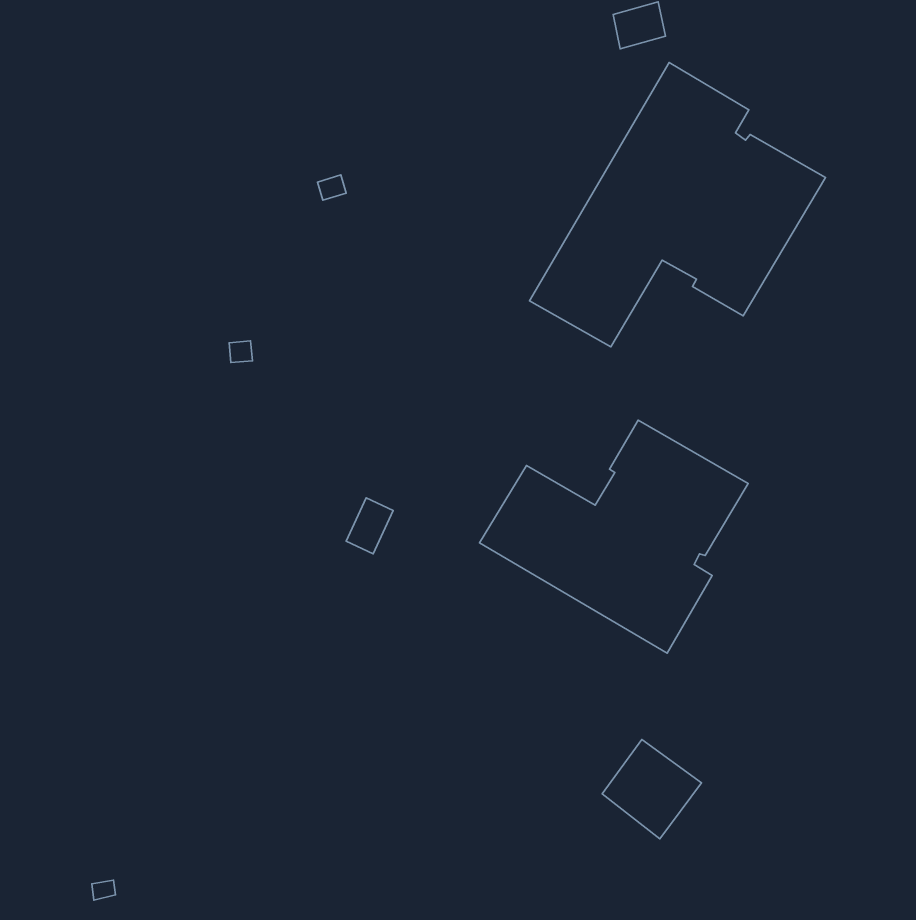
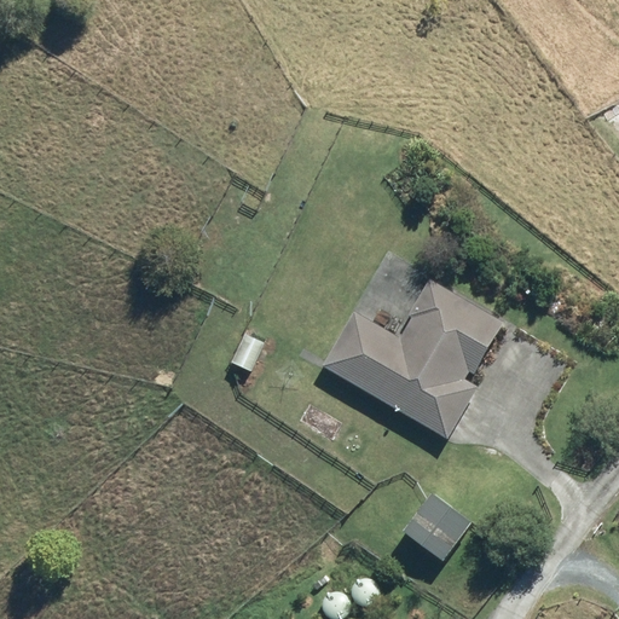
building: [530,63,826,347] -> none

